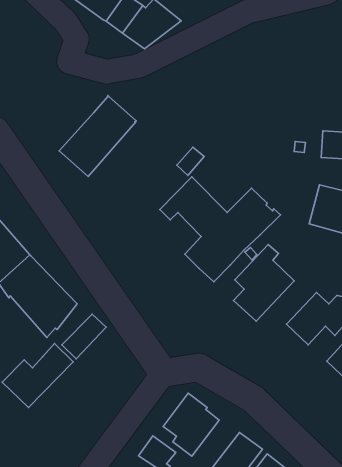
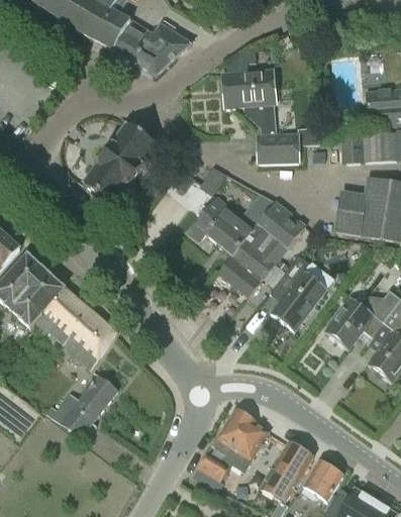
building: none -> [222,68,319,163]
building: [62,314,106,359] -> none

